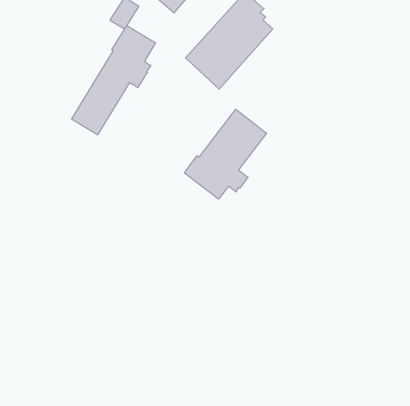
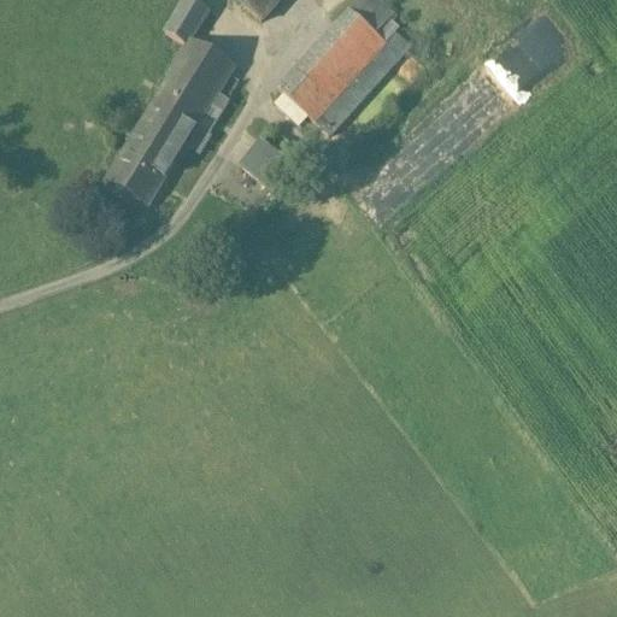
building: none -> [241,137,292,189]
building: [185,109,267,199] -> none

